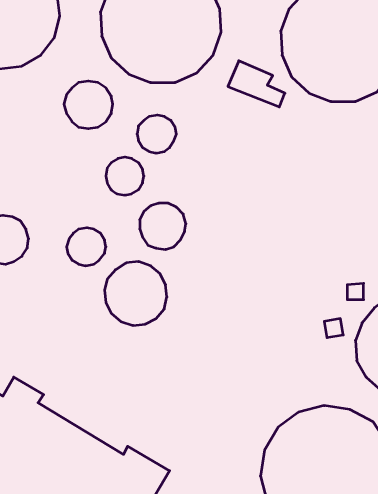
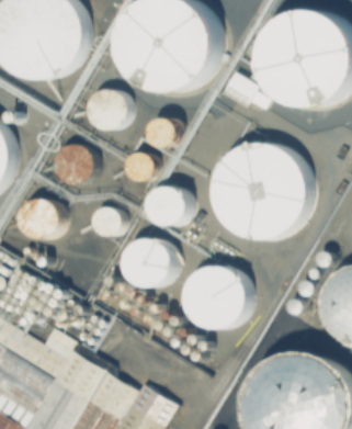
building: none -> [53,143,92,181]
building: none -> [213,144,310,241]
building: none -> [181,266,245,329]

